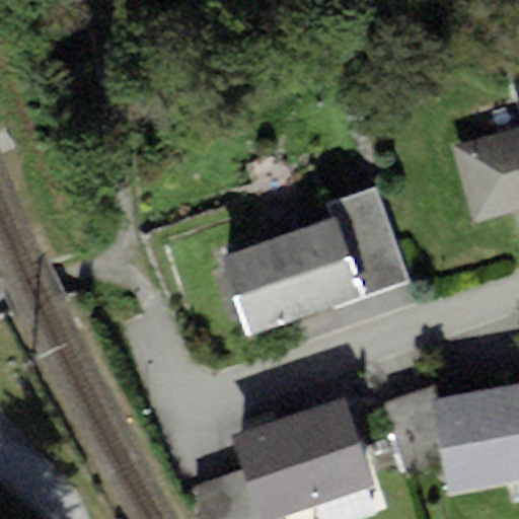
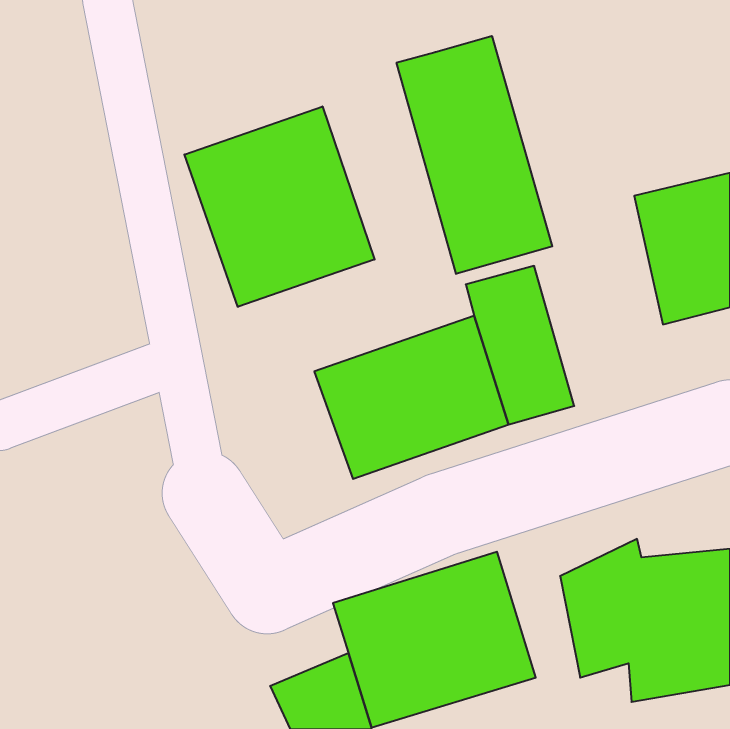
building: none -> [397,36,552,274]
building: none -> [184,106,375,307]

